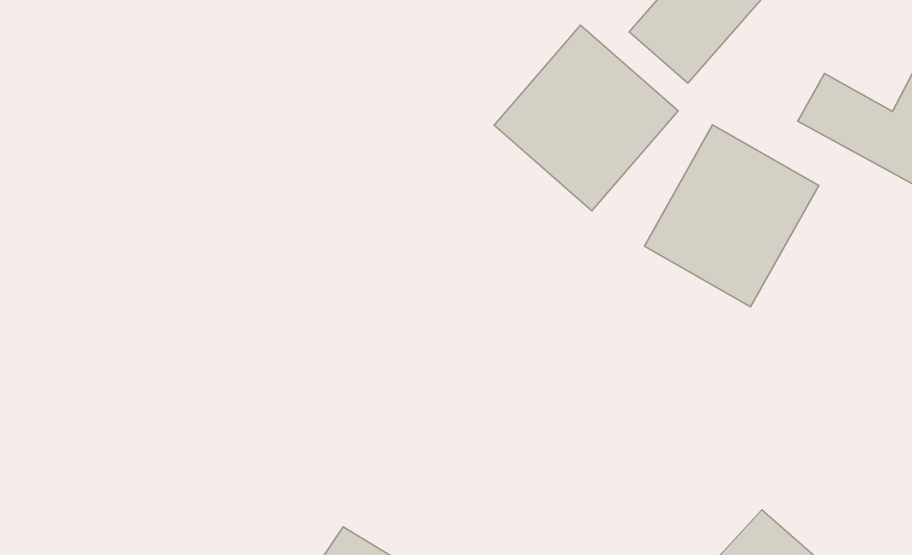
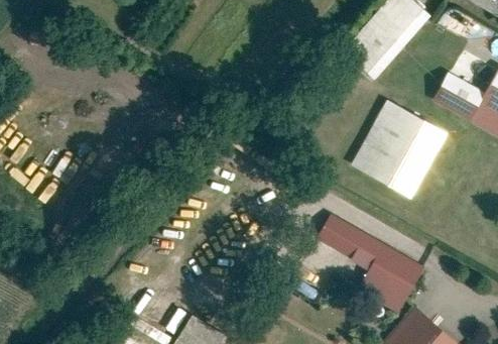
building: [494,25,678,211] -> none
building: none -> [321,213,425,312]

